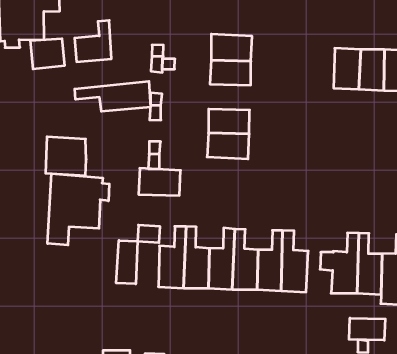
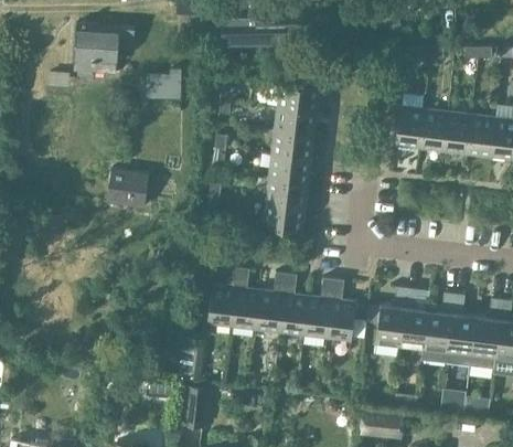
building: [31,39,64,69] -> none
building: [75,81,150,111] -> none
building: none -> [270,131,313,160]
building: [139,168,181,195] -> [261,202,304,232]
building: [48,174,109,245] -> none
building: [116,240,137,284] -> none
building: [349,318,385,340] -> none

